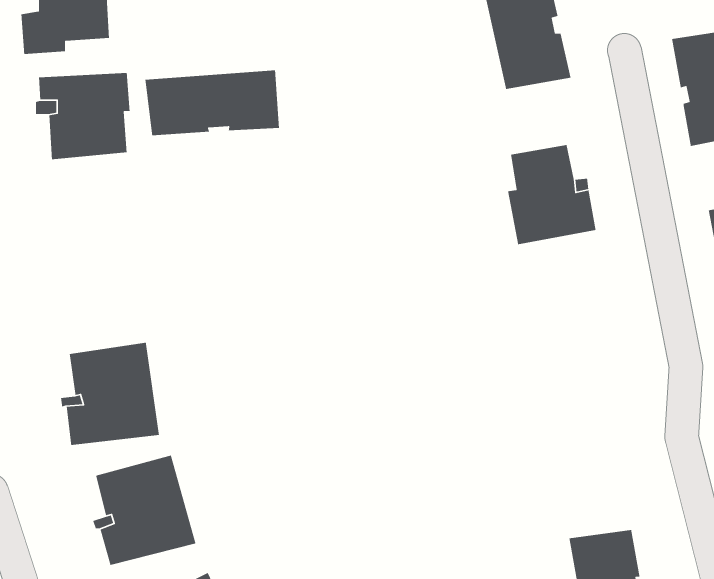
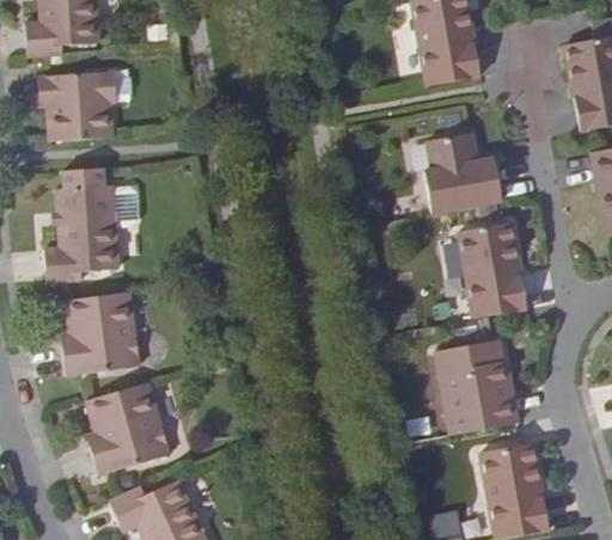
building: [144,69,280,136] -> none
building: none -> [49,184,143,281]
building: none -> [451,220,521,318]
building: none -> [436,338,514,432]

